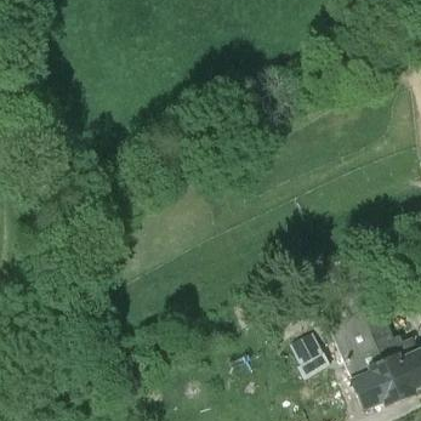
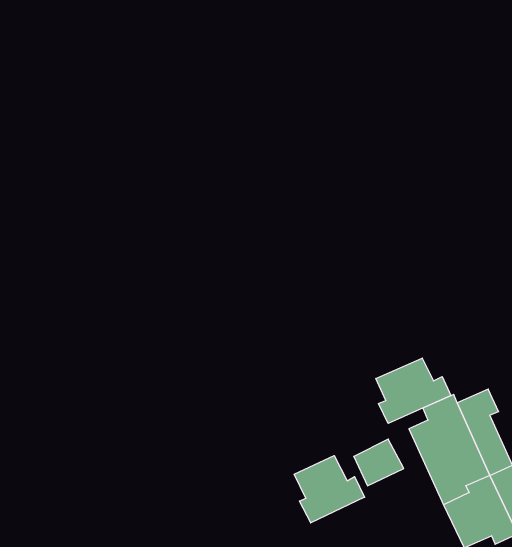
building: none -> [376,358,451,423]
building: none -> [294,456,365,523]

